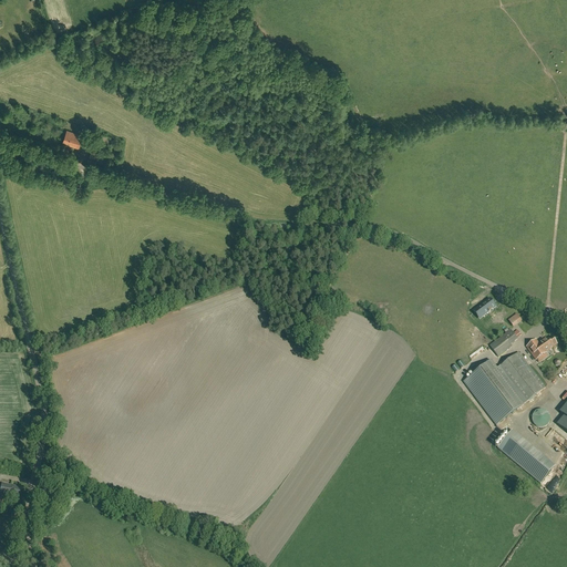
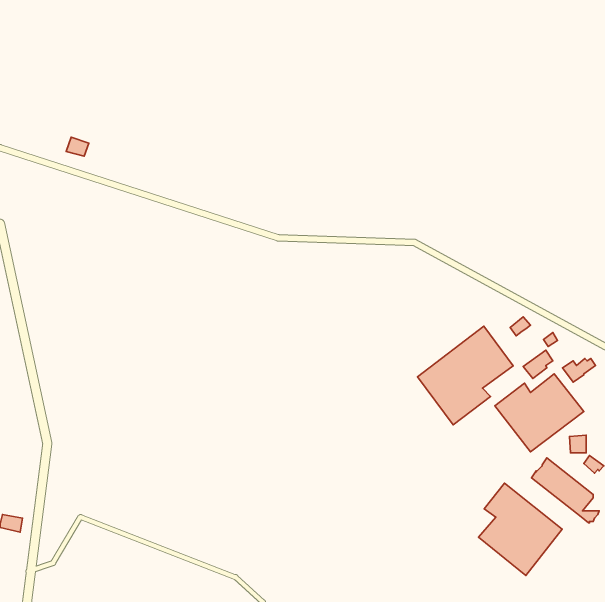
building: none -> [417,326,513,425]
building: none -> [479,483,562,576]

